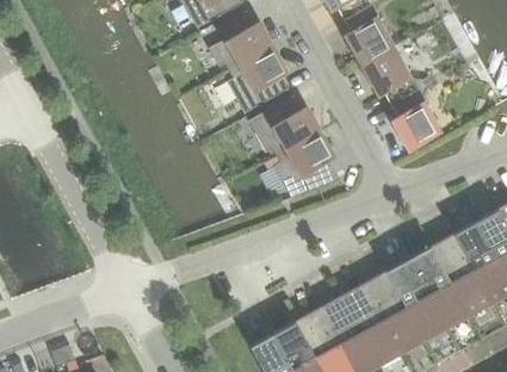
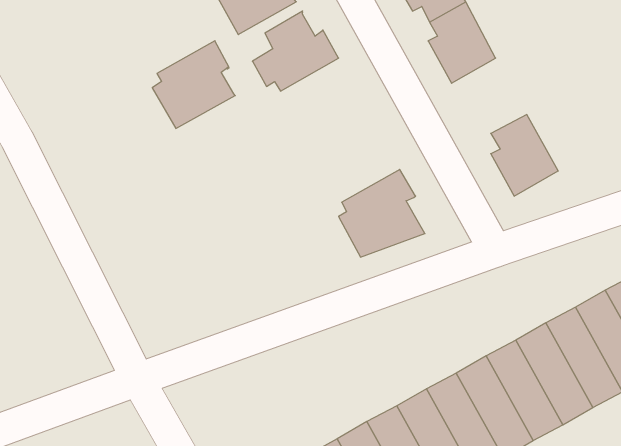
building: [227,45,290,112] -> [152,41,235,128]
building: [360,45,418,103] -> none
building: [248,95,321,155] -> none

